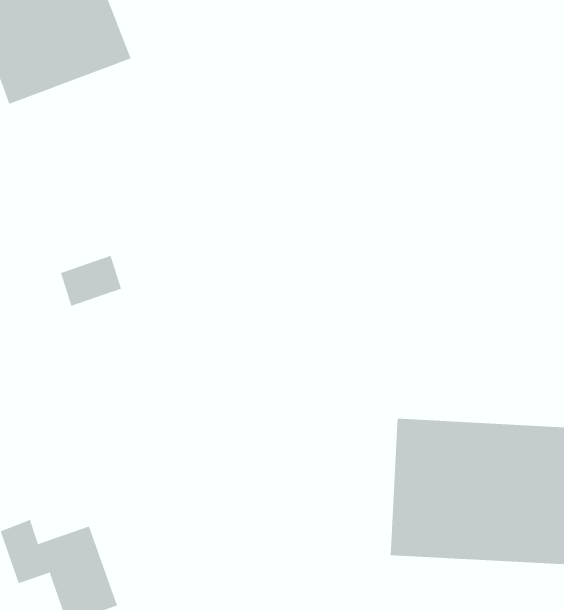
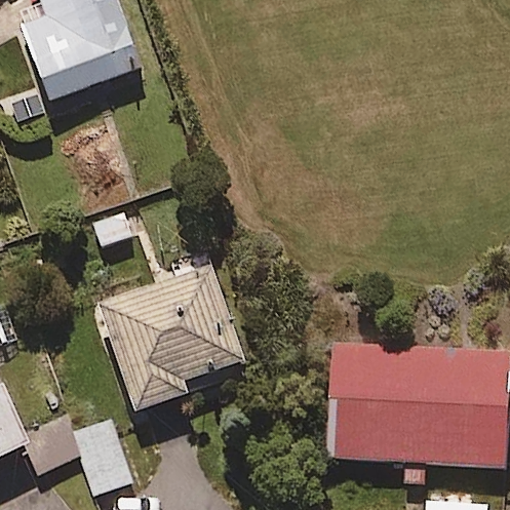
building: none -> [91,261,242,414]

